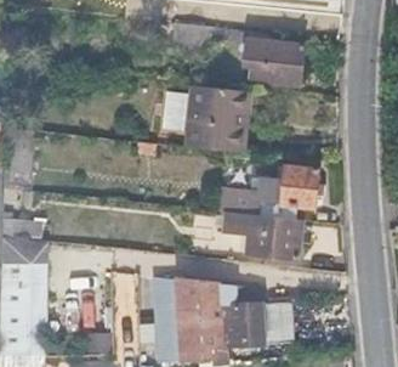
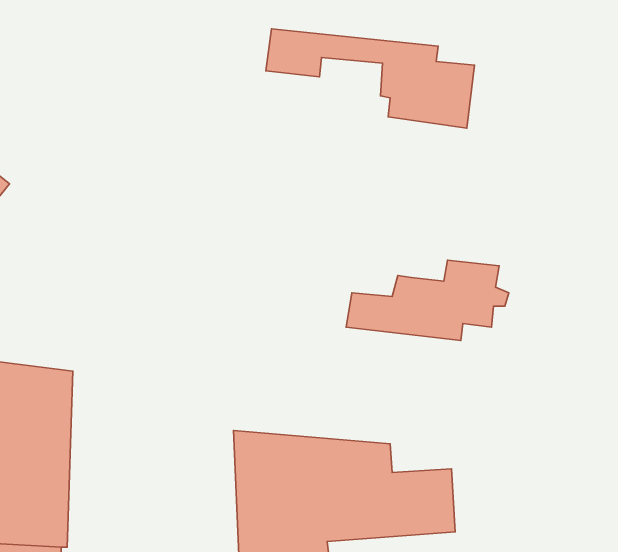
building: [184,84,250,152] -> none
building: [222,210,303,259] -> none

